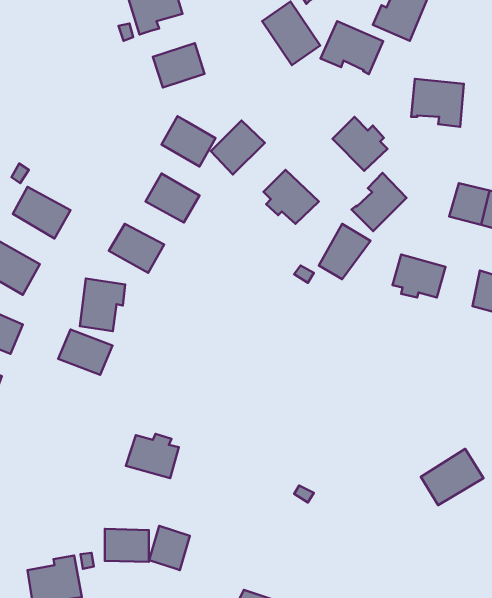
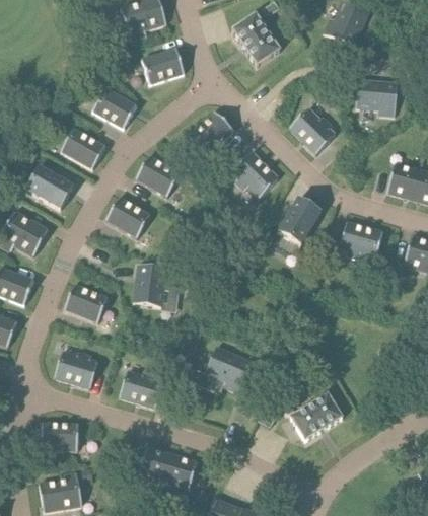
building: [320,21,383,74] -> none
building: [161,116,216,166] -> [92,87,137,129]
building: none -> [61,128,105,168]
building: [352,173,407,231] -> none
building: [80,278,125,331] -> [134,263,171,306]
building: none -> [206,346,253,391]
building: none -> [55,351,98,387]
building: [421,449,484,505] -> [291,393,343,440]
building: [105,529,149,562] -> [42,423,78,450]
building: none -> [164,454,198,490]

